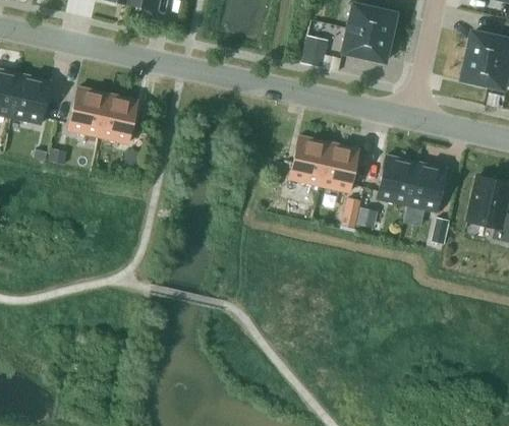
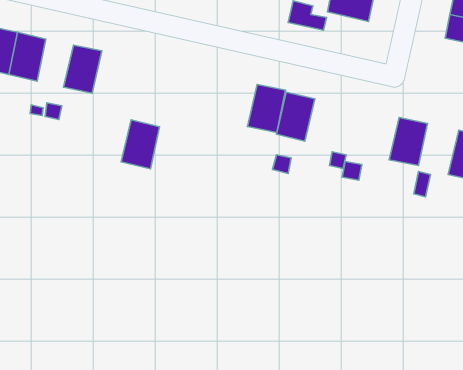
building: [98,94,137,144] -> [121,120,159,169]
building: [319,143,358,193] -> [247,84,286,132]
building: [377,156,416,206] -> none

